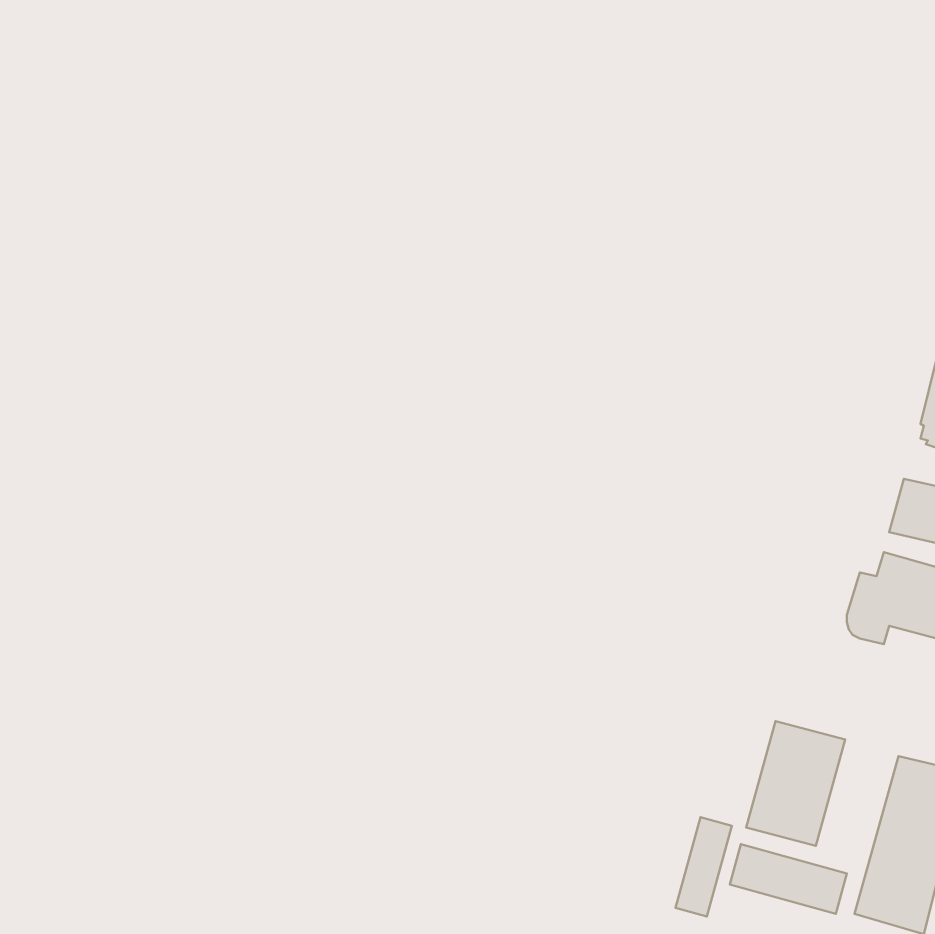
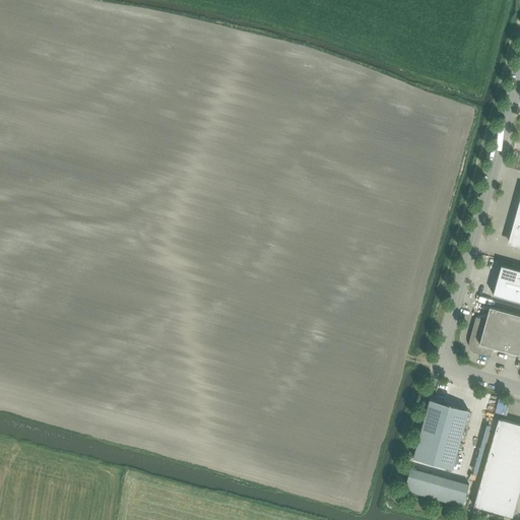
building: [676,817,732,917] -> none

